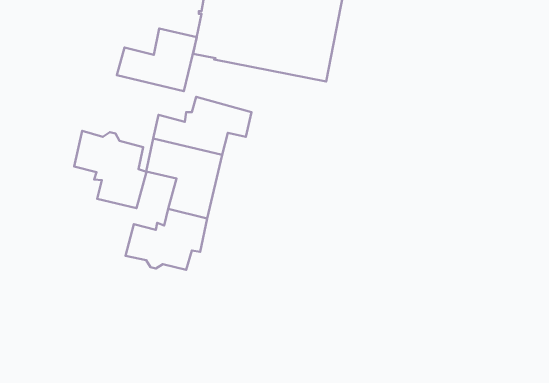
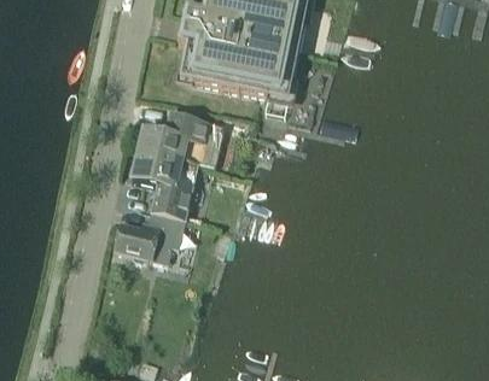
building: [117,29,197,91] -> none
building: [74,131,147,208] -> none

